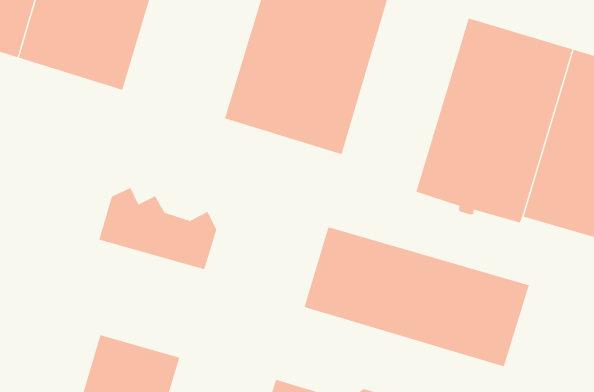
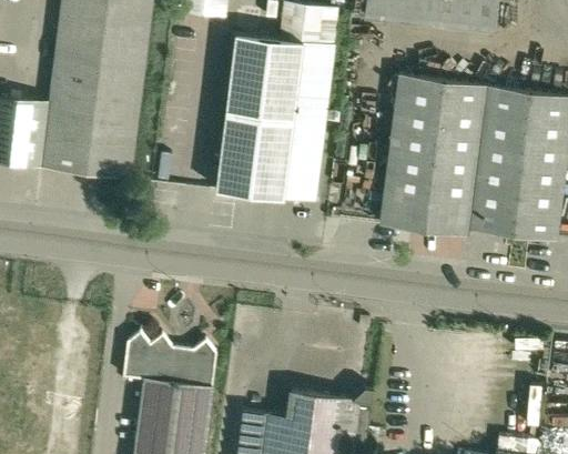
building: [99,187,217,270] -> [122,332,216,389]
building: [304,226,530,367] -> none

